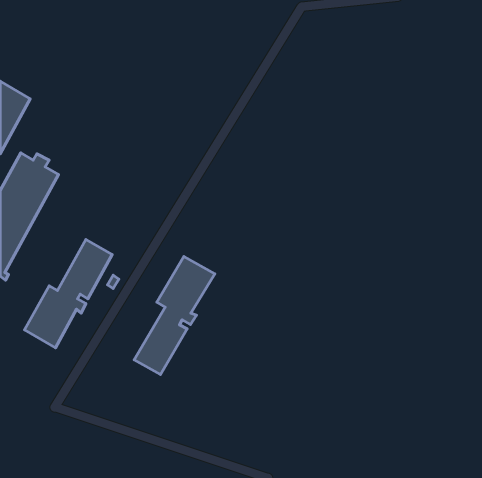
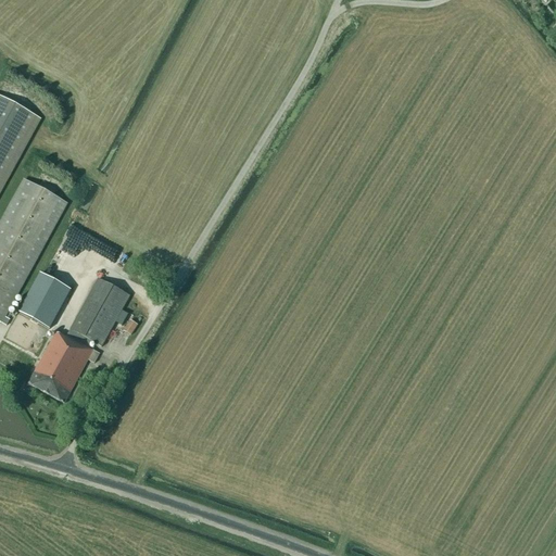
building: none -> [20,273,72,328]
building: [134,256,215,375] -> none

